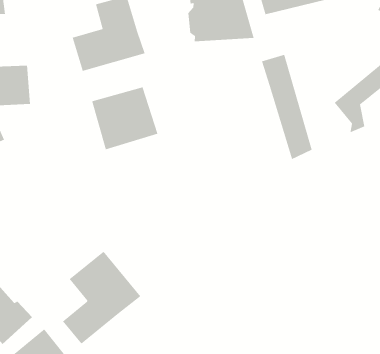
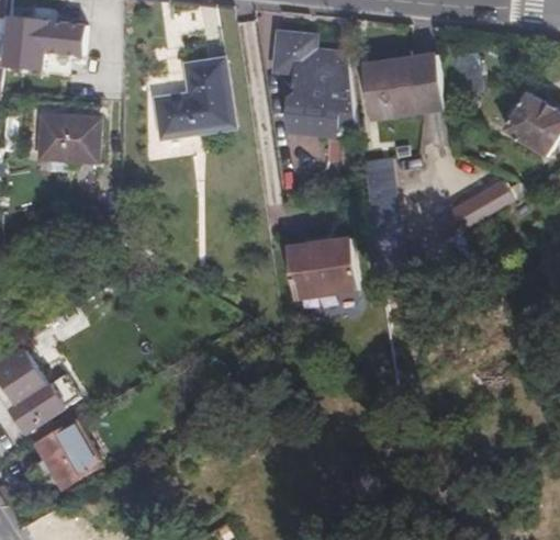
building: [91,87,158,150] -> none
building: none -> [284,237,356,299]
building: [62,251,141,344] -> none

